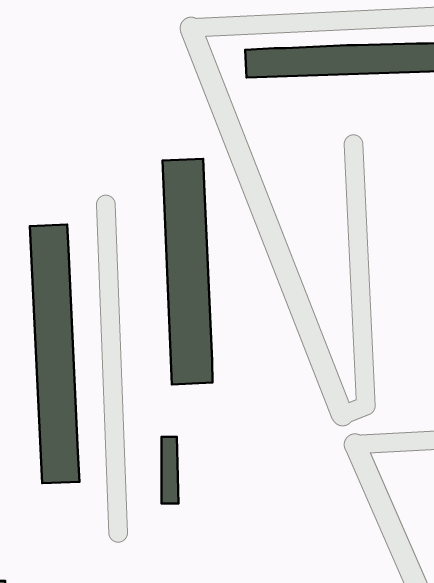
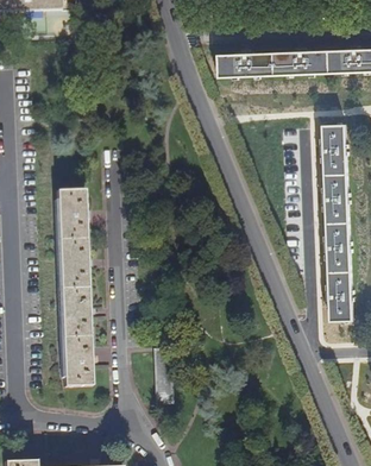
building: none -> [321,122,352,320]
building: [162,159,213,384] -> none

